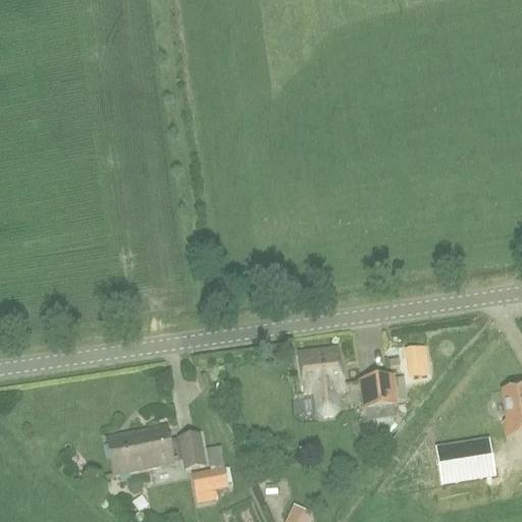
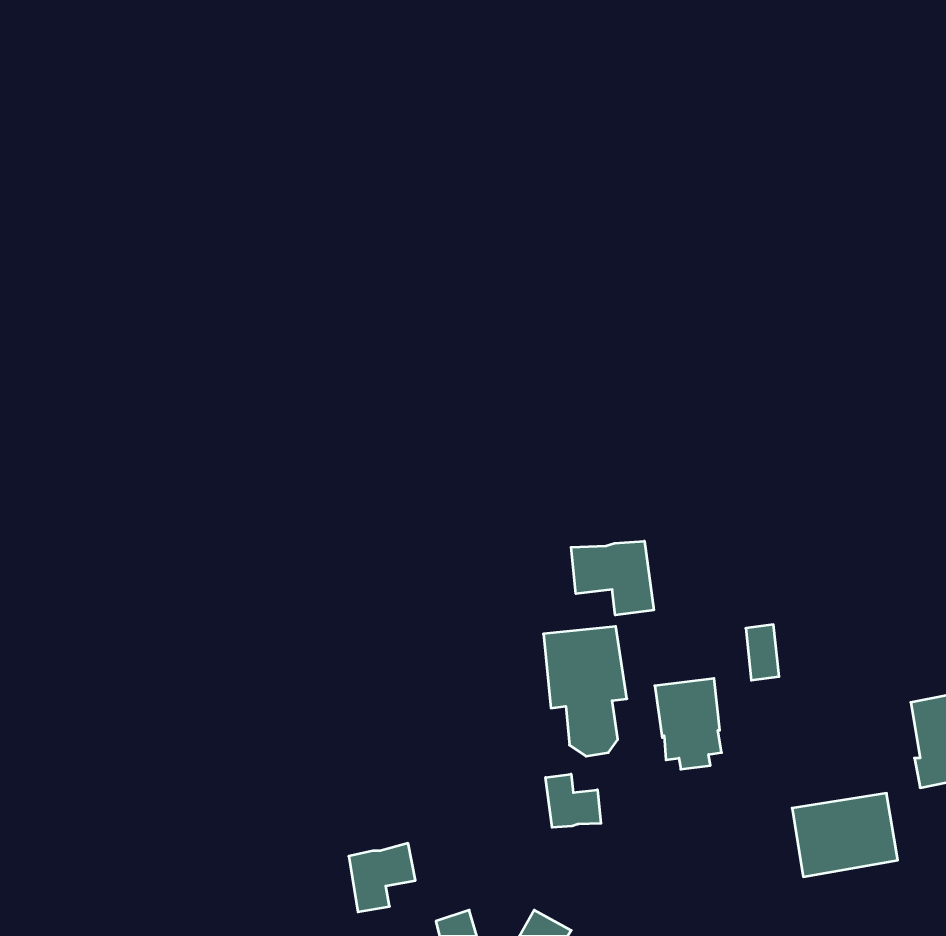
building: none -> [571,541,654,615]
building: [107,424,206,472] -> none
building: none -> [546,774,601,827]

